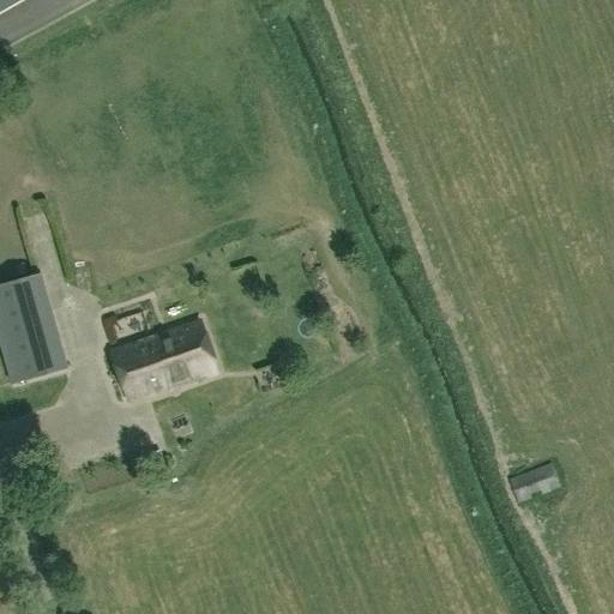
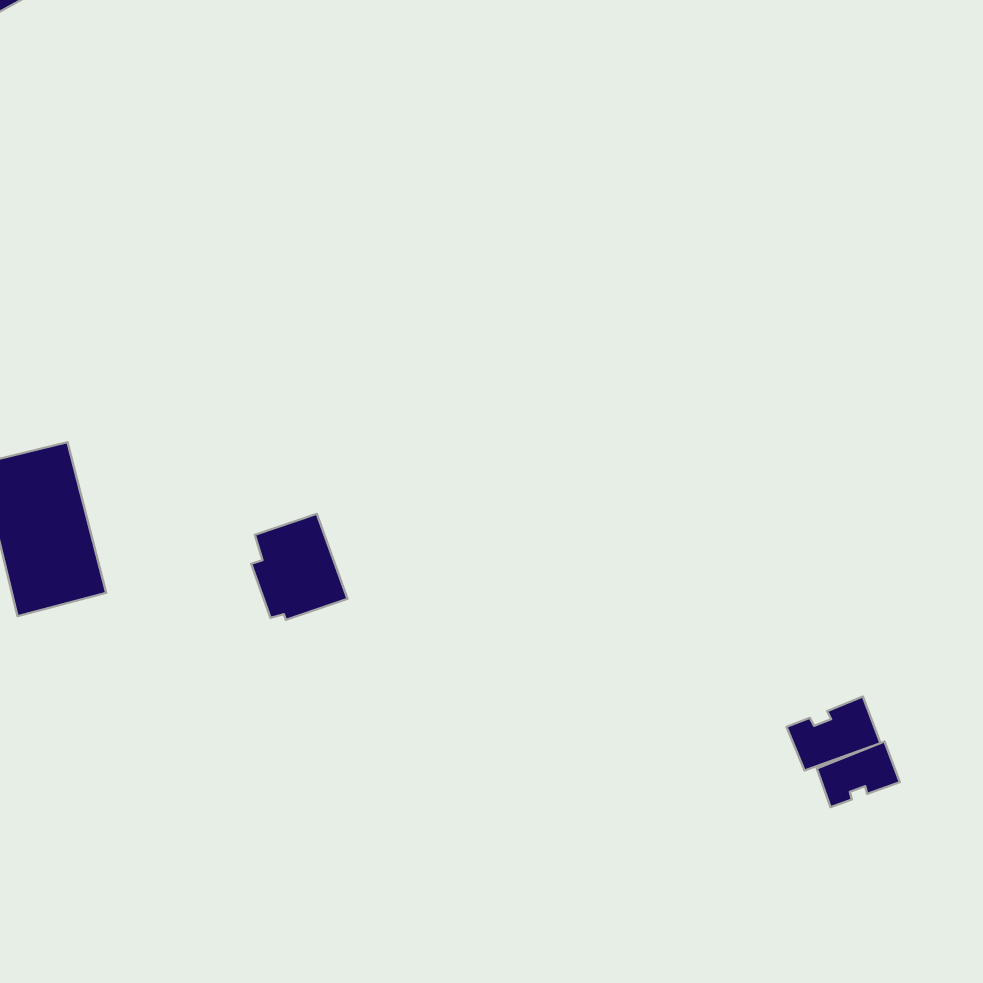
building: [114,332,168,397] -> none
building: none -> [787,696,881,771]

